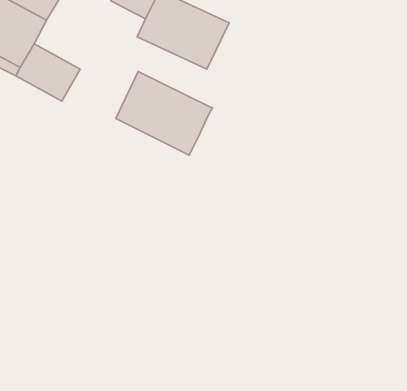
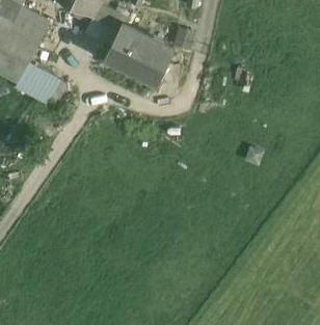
building: [116,72,213,155] -> none

